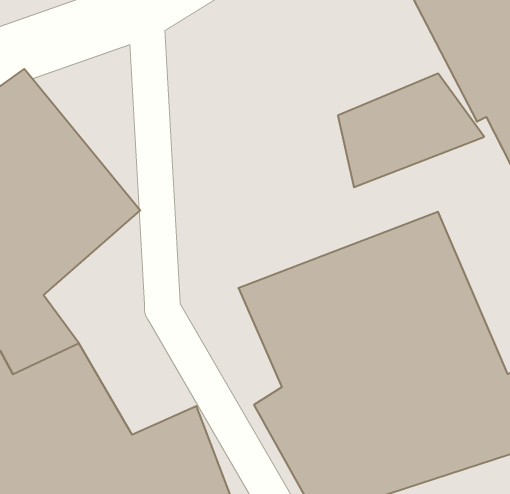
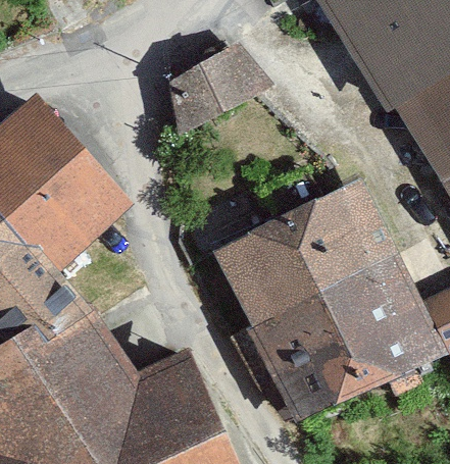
building: [338,74,484,187] -> [164,45,278,137]

